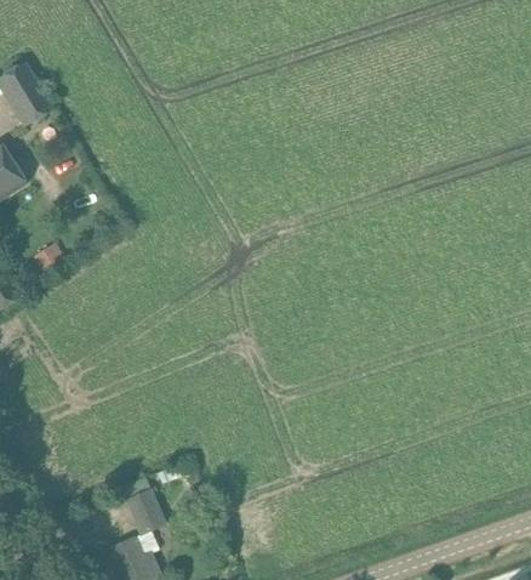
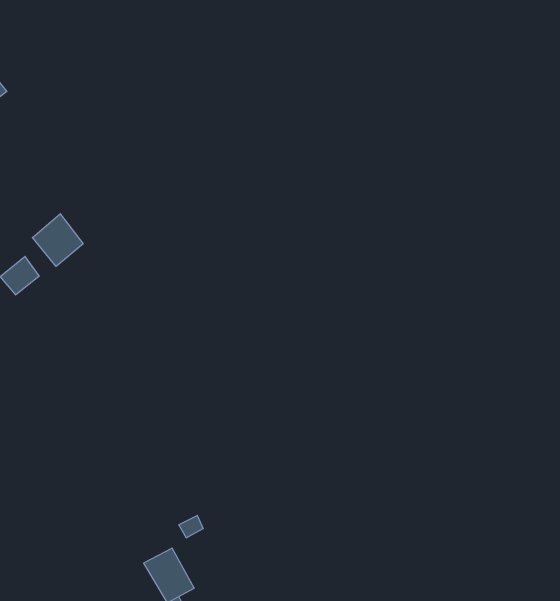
building: none -> [32,214,83,266]

